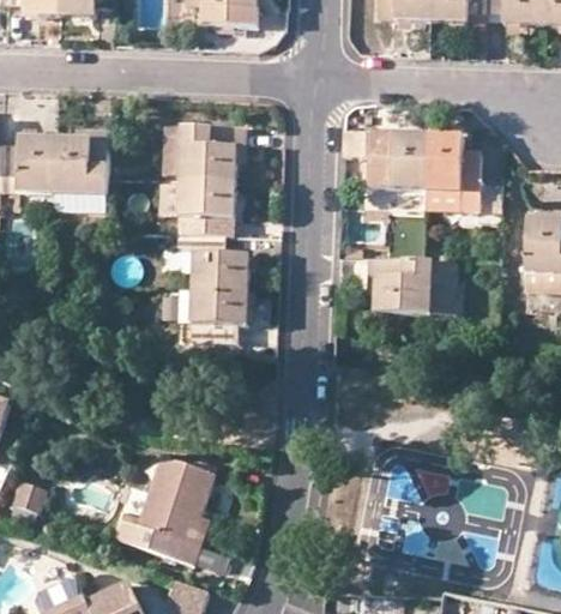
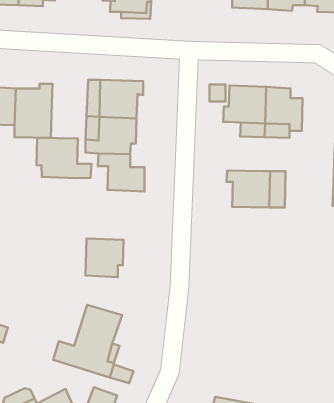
building: none -> [36,138,91,178]
building: [191,287,247,344] -> [86,238,124,277]

